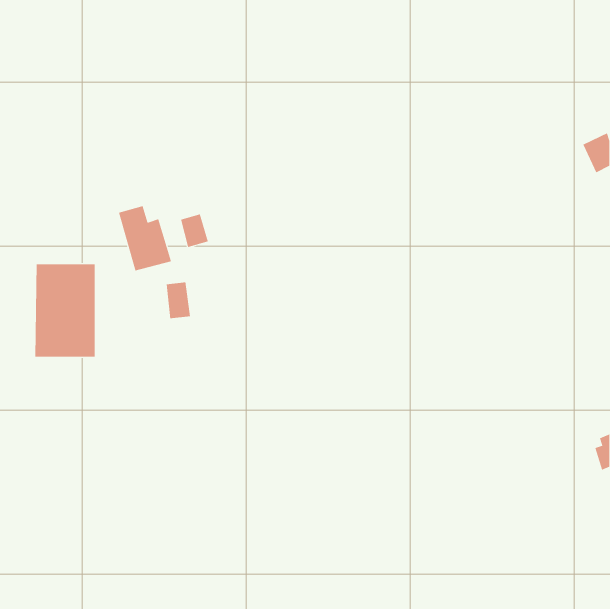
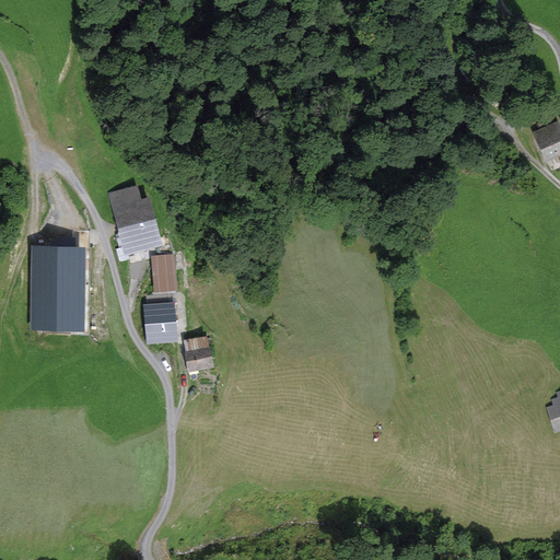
building: [180,214,209,248] -> none
building: none -> [144,295,174,341]
building: none -> [183,339,206,370]

